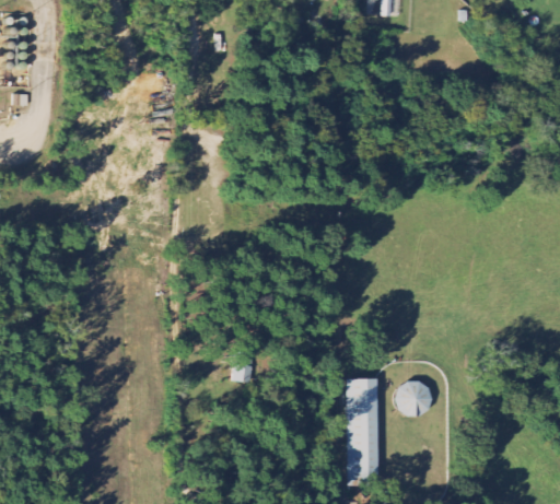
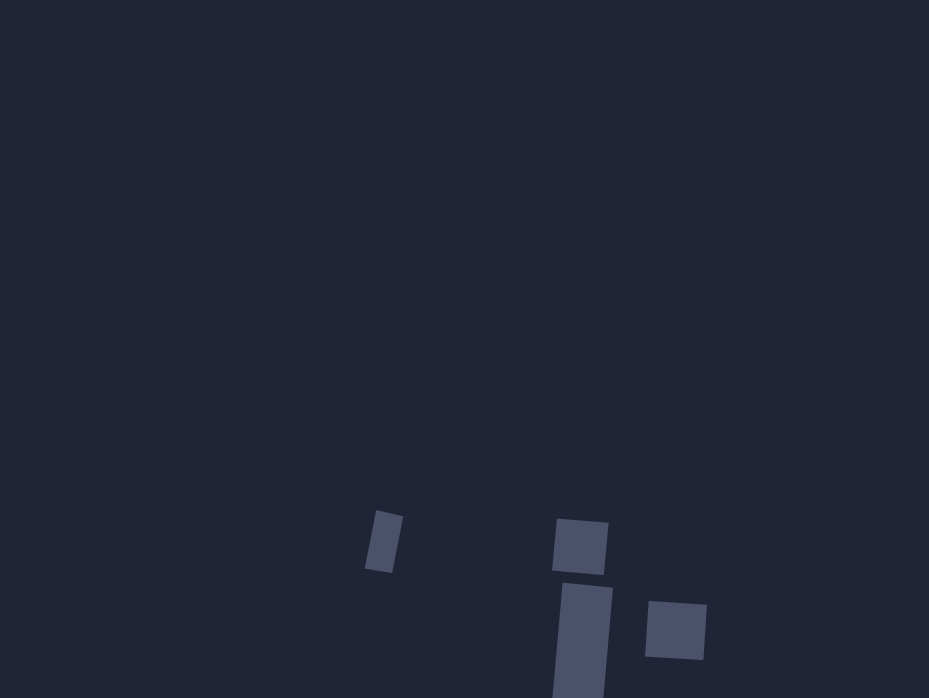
building: none -> [552,518,609,576]

